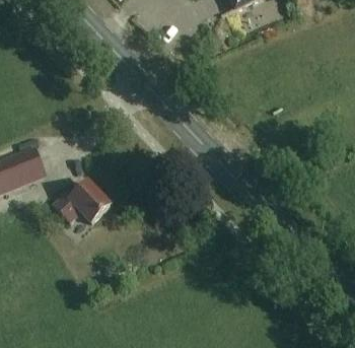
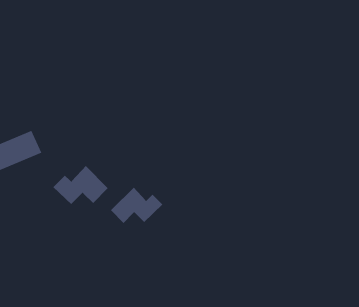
building: none -> [110,187,163,224]

